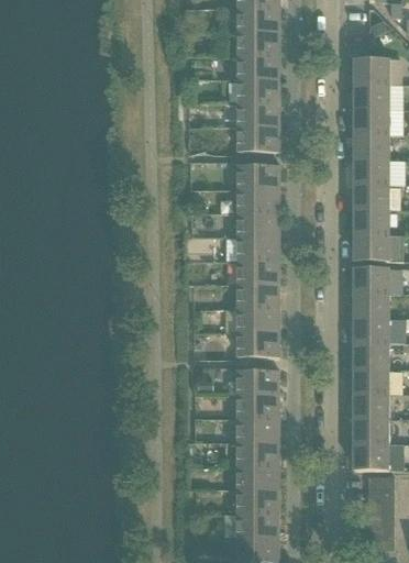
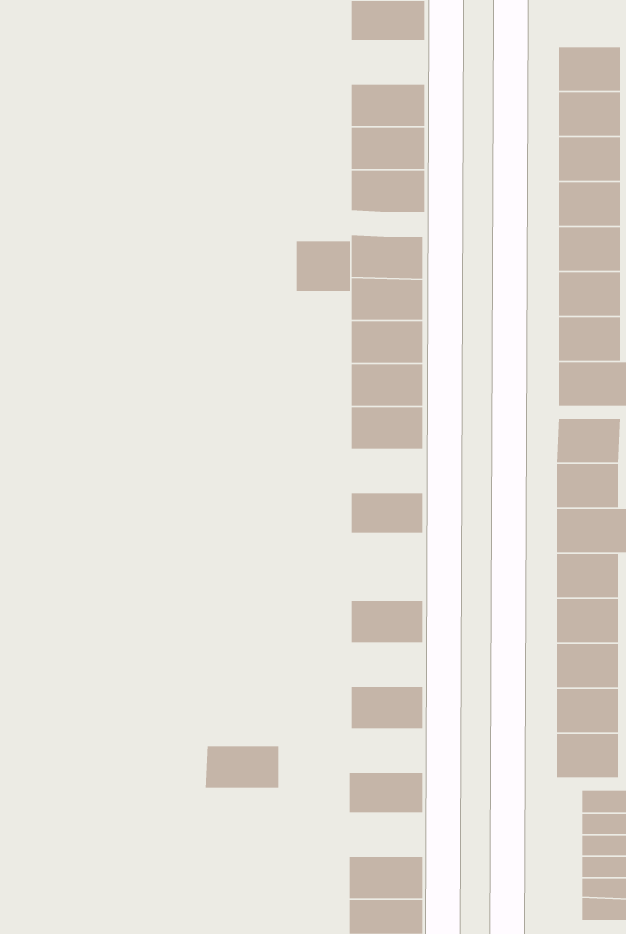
building: [237,55,279,79] -> none
building: none -> [296,241,351,292]
building: [237,285,278,309] -> none
building: [237,332,278,356] -> none
building: [237,394,278,418] -> none
building: [236,442,278,466] -> [205,745,279,789]
building: [236,489,278,514] -> none

